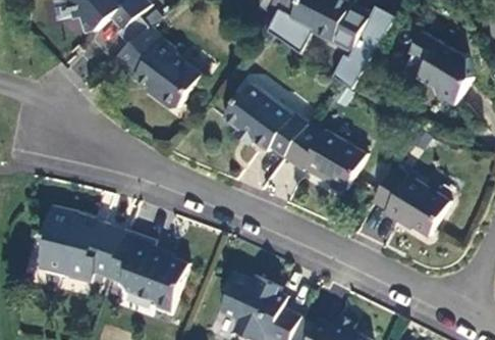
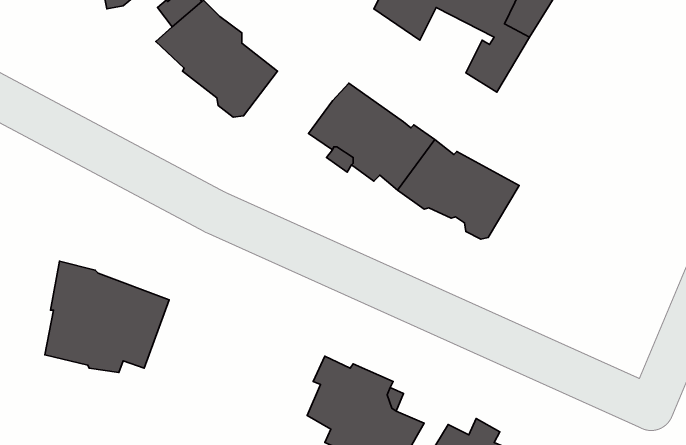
building: [409,31,470,105] -> none
building: [371,165,449,235] -> none
building: [108,232,186,311] -> none

